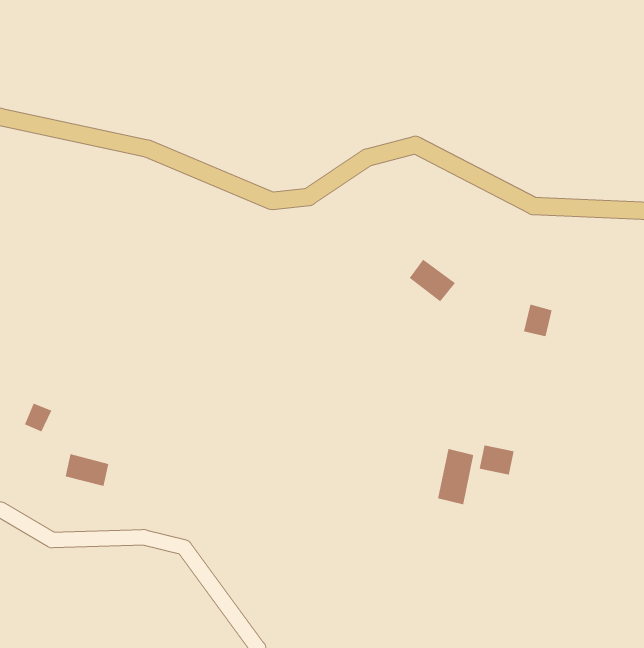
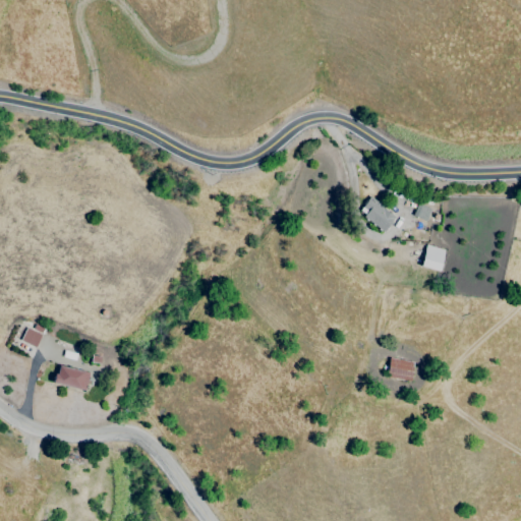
building: [409,259,456,302] -> [360,195,398,230]
building: [438,448,474,505] -> none

